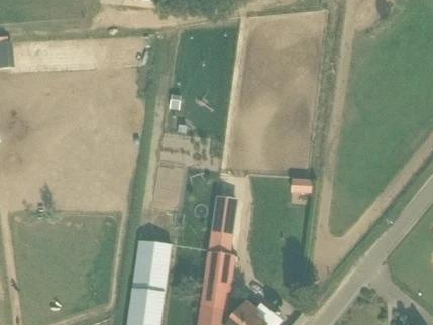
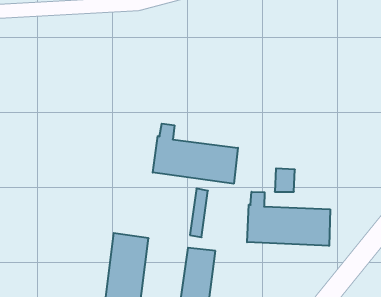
building: none -> [153,124,238,184]
building: none -> [247,192,330,246]

